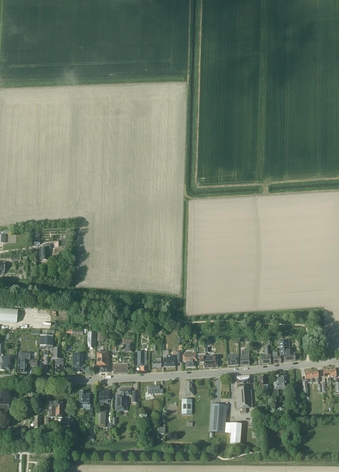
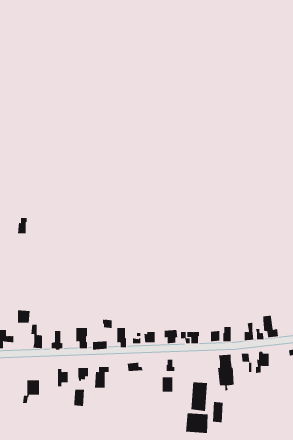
building: none -> [186,412,208,434]

